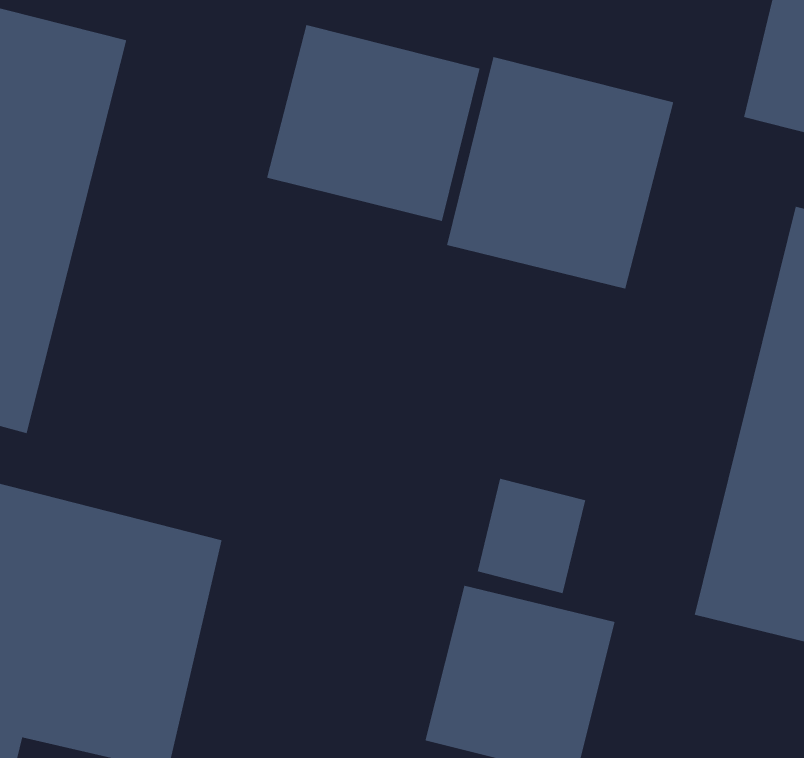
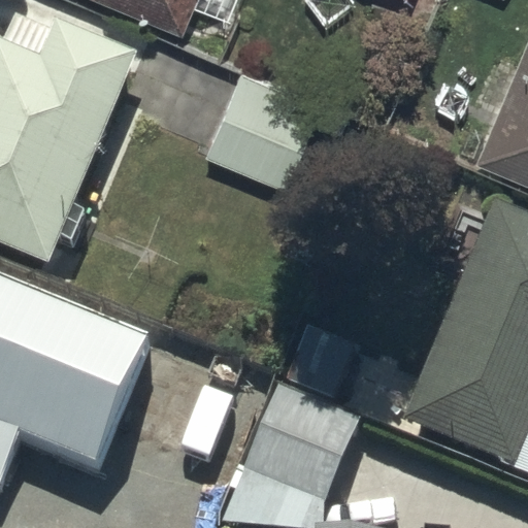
building: [446,56,674,289] -> none

